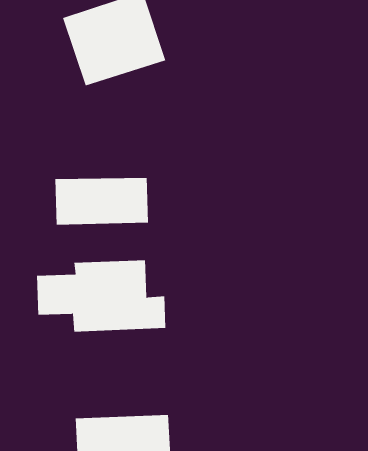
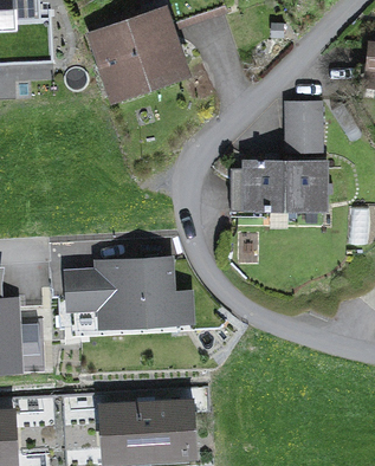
building: none -> [277,106,316,158]
building: [55,178,149,225] -> [225,170,311,214]

